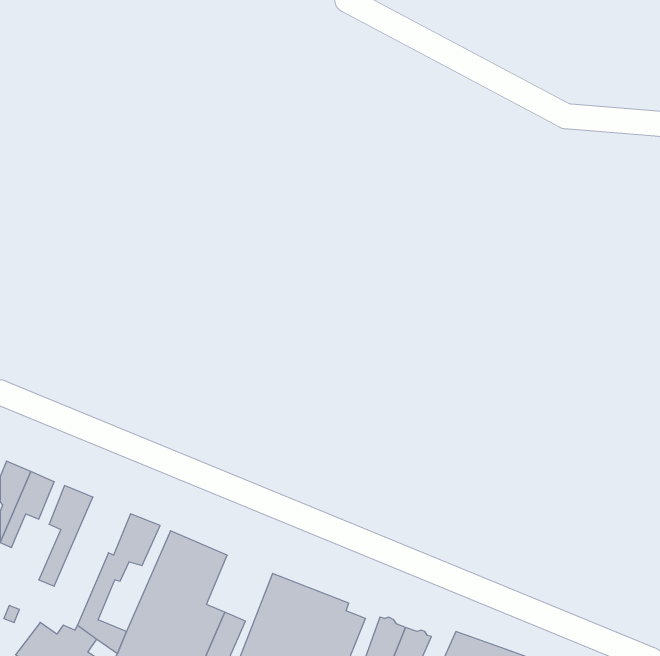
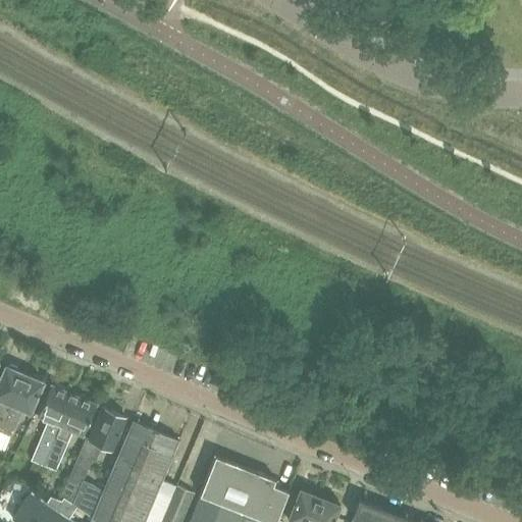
building: none -> [43,396,97,472]

